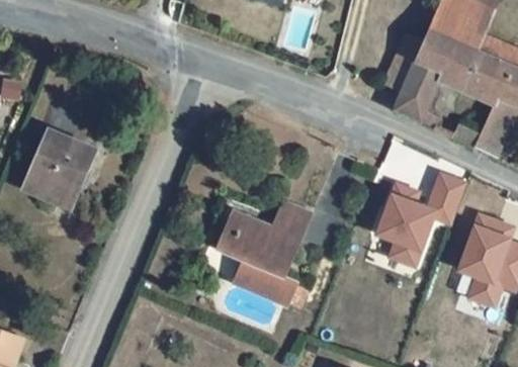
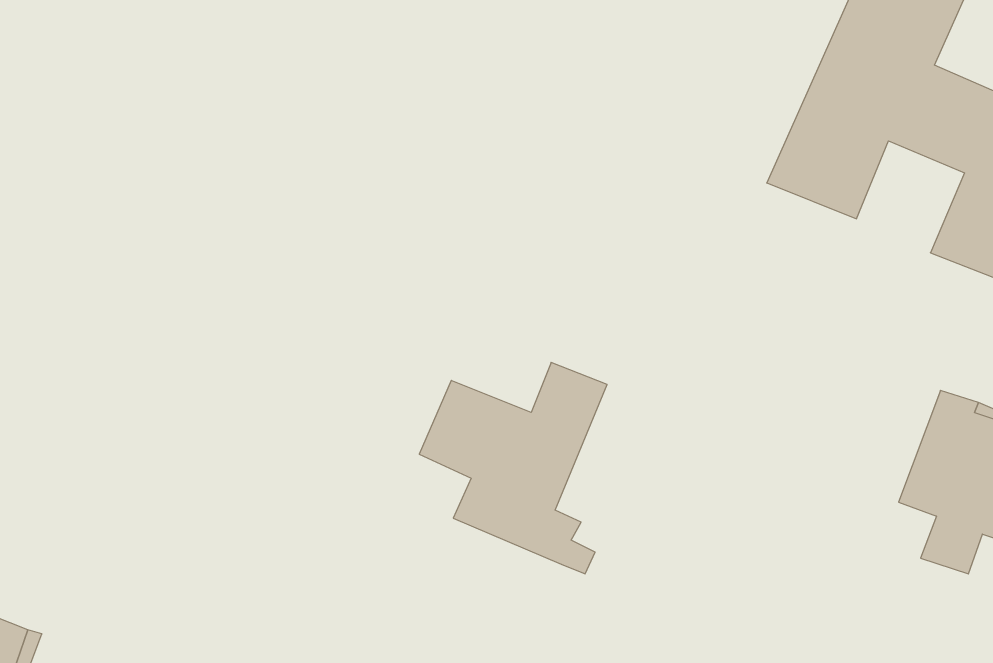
building: [18,125,100,208] -> none
building: [374,173,467,265] -> none

